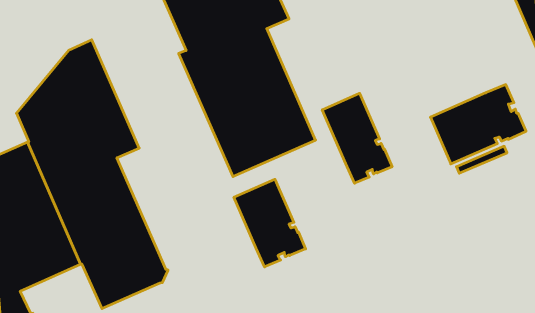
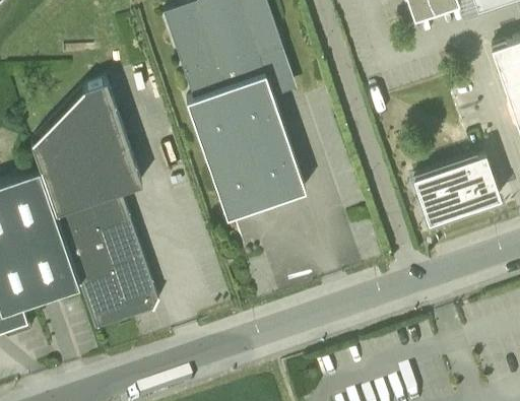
building: [322,93,392,183] -> none
building: [234,179,306,267] -> none

